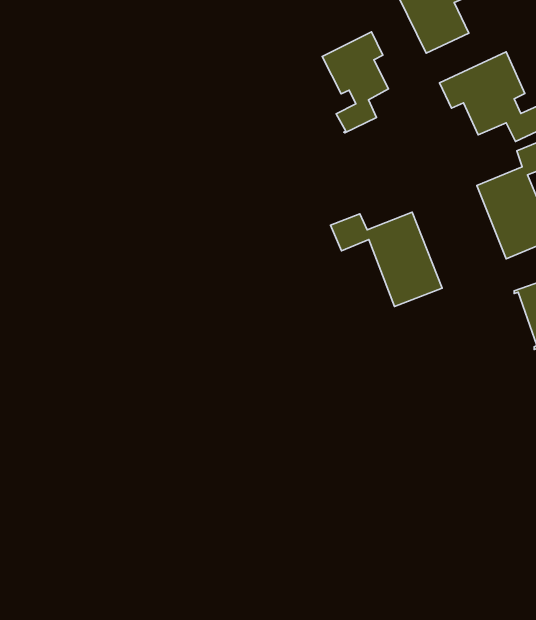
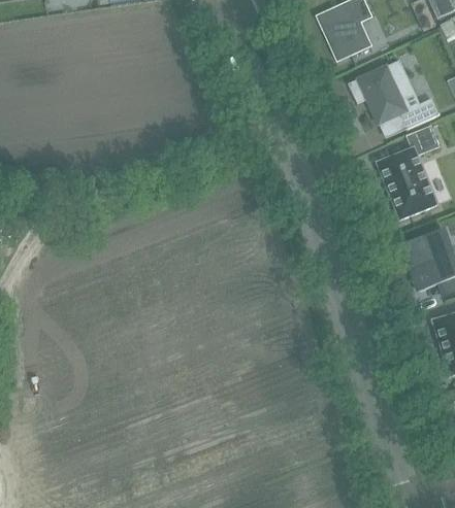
building: [322,32,388,133] -> none
building: [331,212,442,306] -> none

